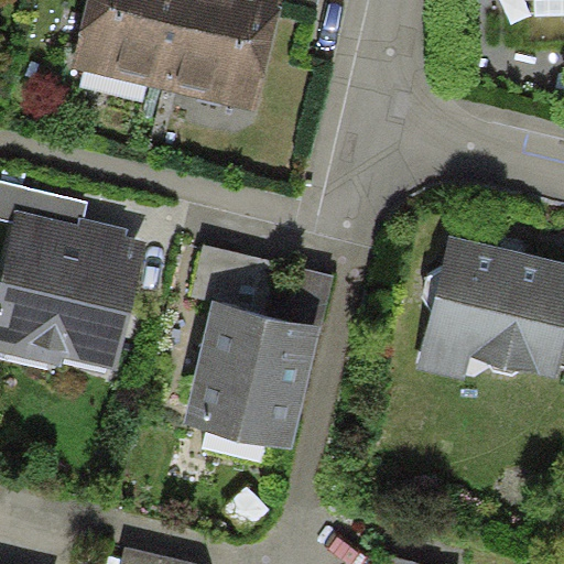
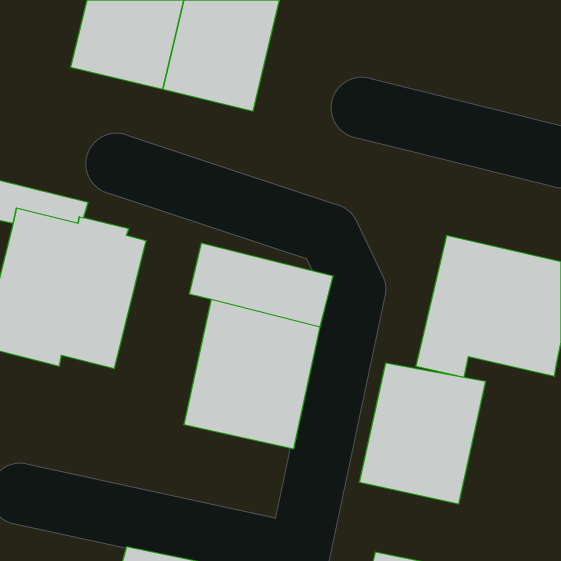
building: none -> [359,363,486,504]

